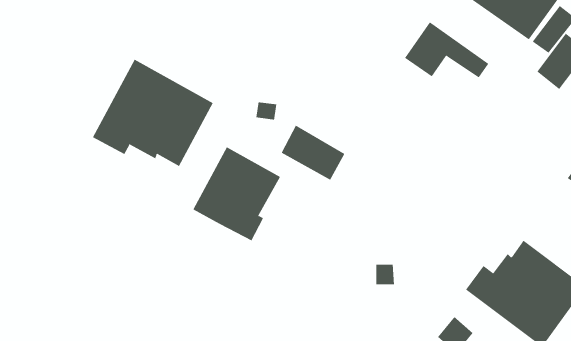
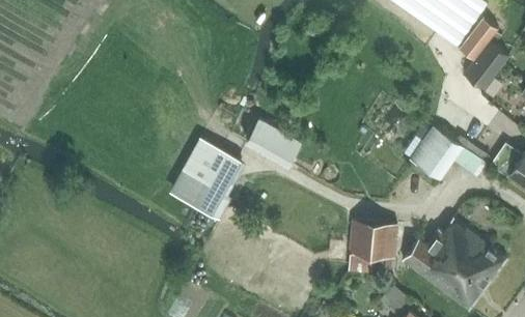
building: [404,21,489,78] -> [413,128,486,177]
building: [92,59,214,167] -> none
building: none -> [350,220,404,275]

